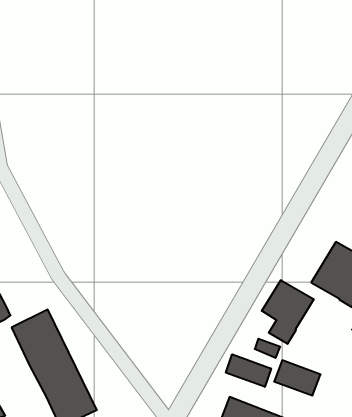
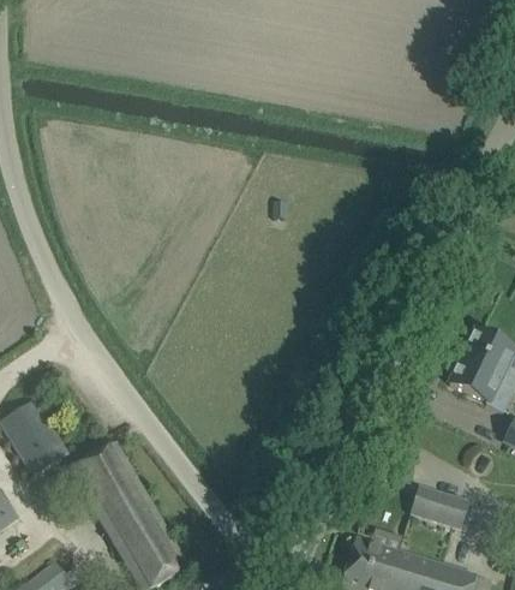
building: [262,280,314,344] -> none
building: [226,354,271,387] -> none

